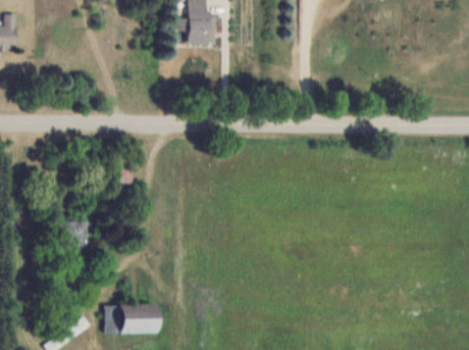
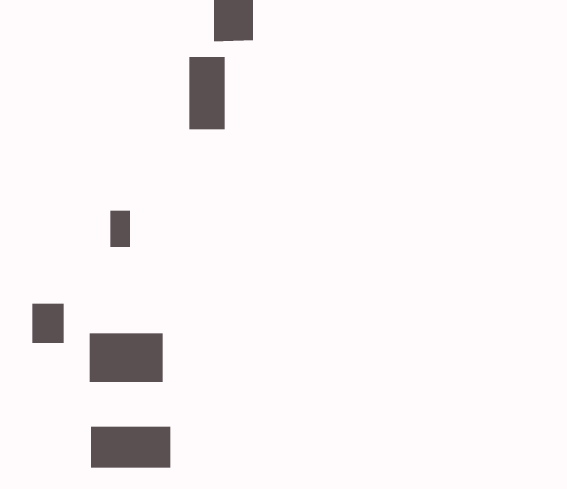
building: none -> [189,56,225,130]
building: none -> [89,332,163,383]

